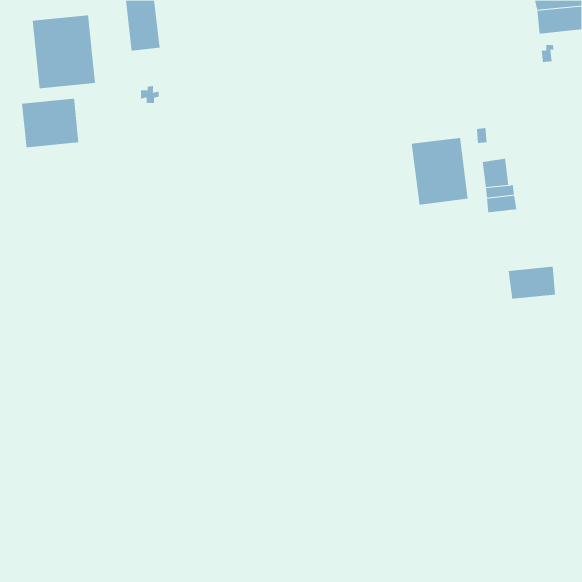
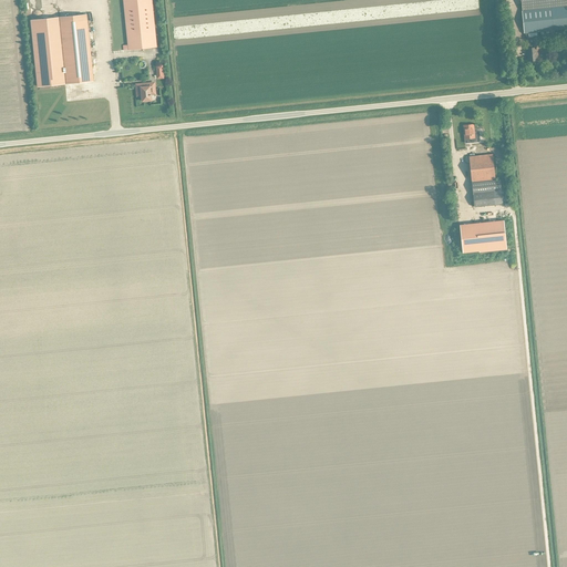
building: [22,98,79,148] -> none
building: [411,137,468,205] -> none
building: [508,266,556,299] -> [460,220,506,252]

